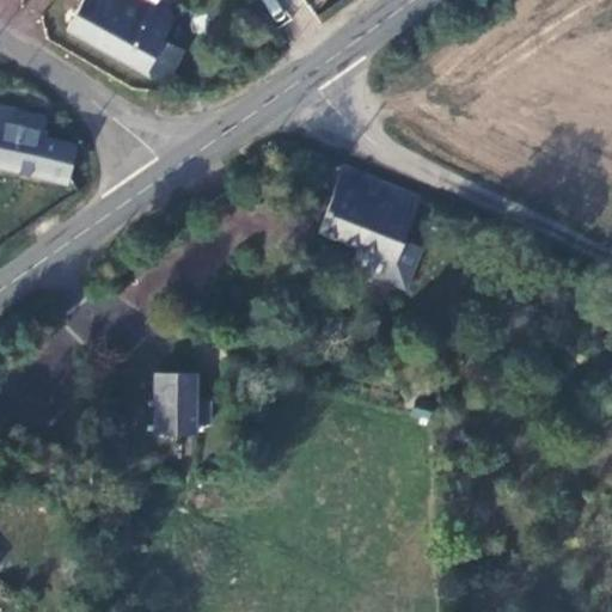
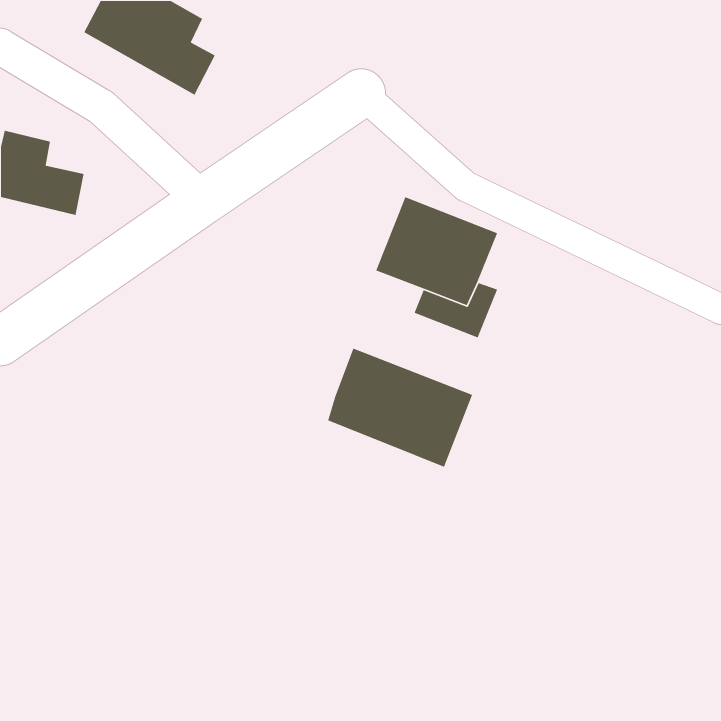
building: none -> [327,348,473,468]
building: [154,373,190,433] -> none

